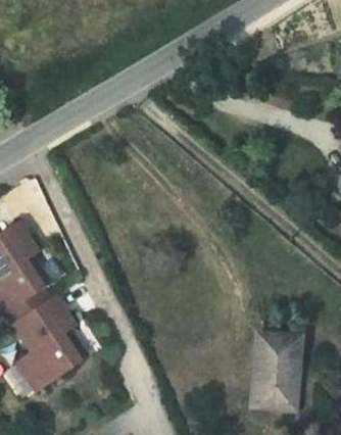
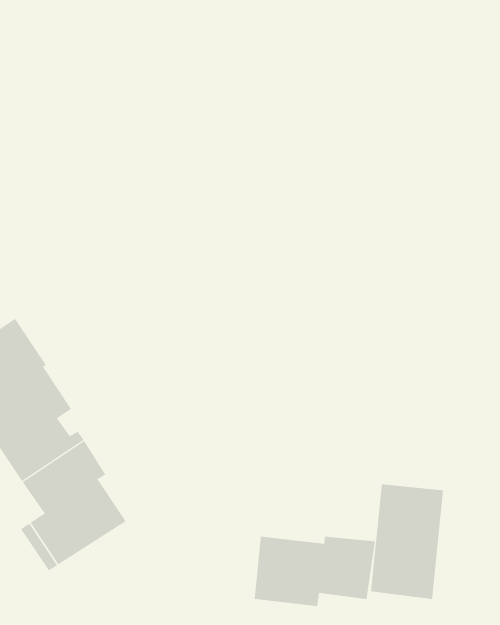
building: none -> [254,536,375,607]

